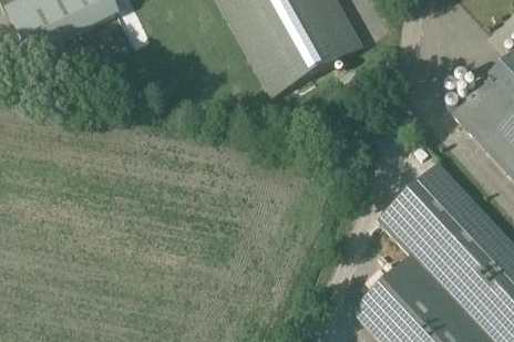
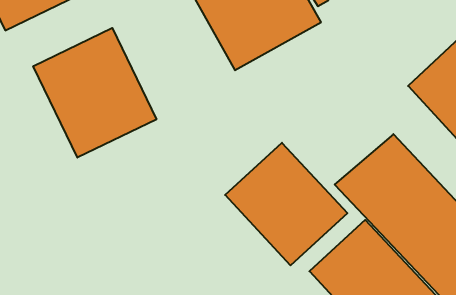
building: none -> [33,28,156,158]
building: none -> [225,143,347,265]

